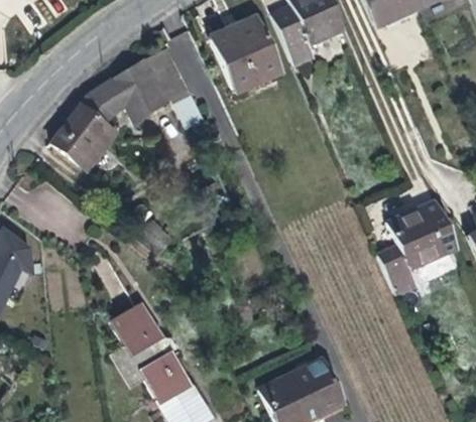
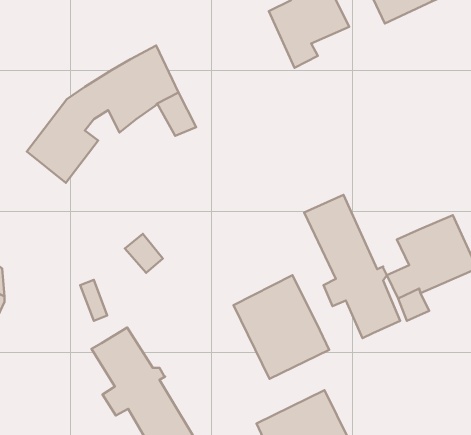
building: [210,16,280,93] -> none
building: none -> [304,195,400,338]
building: none -> [234,275,329,379]

